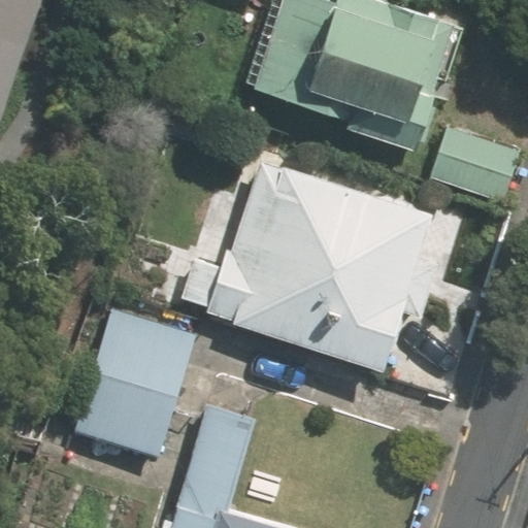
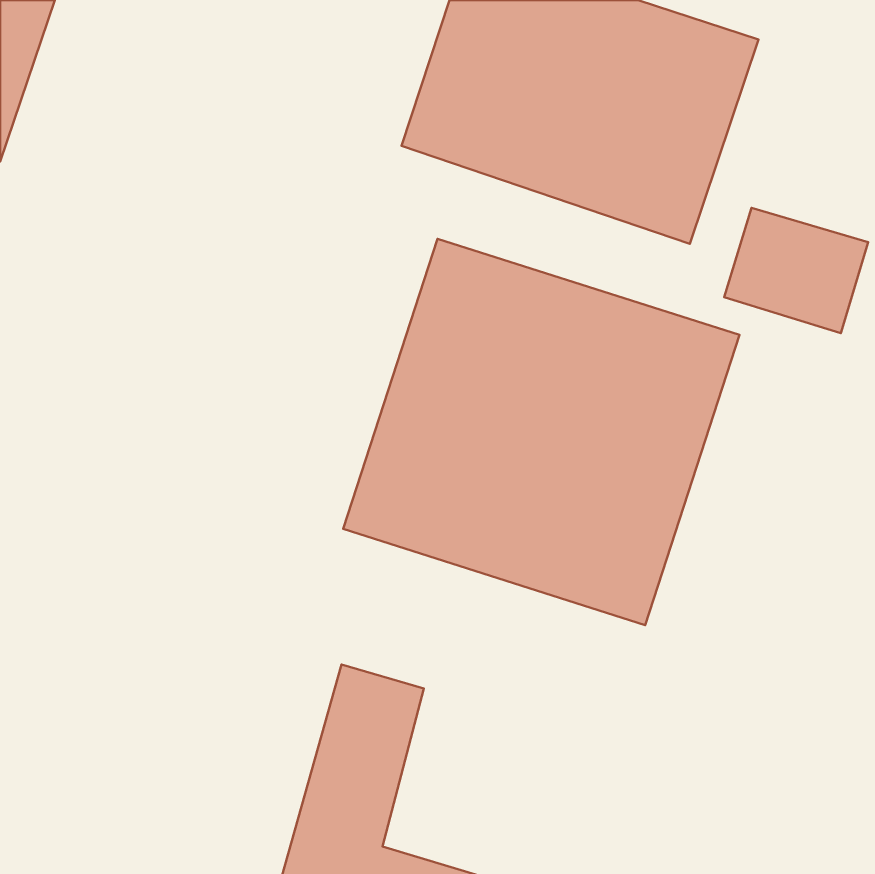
building: [77,308,196,453] -> none

